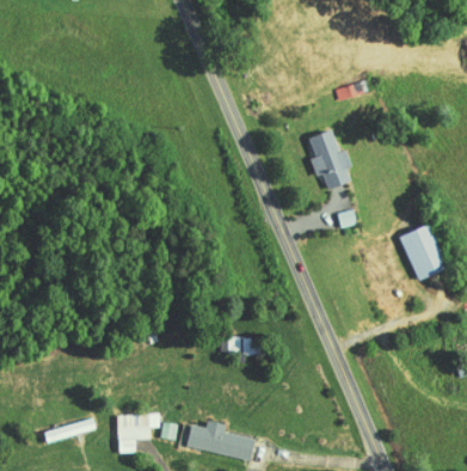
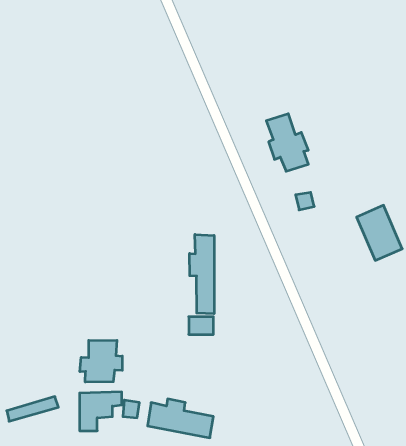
building: none -> [190,234,214,314]
building: none -> [80,340,122,382]

